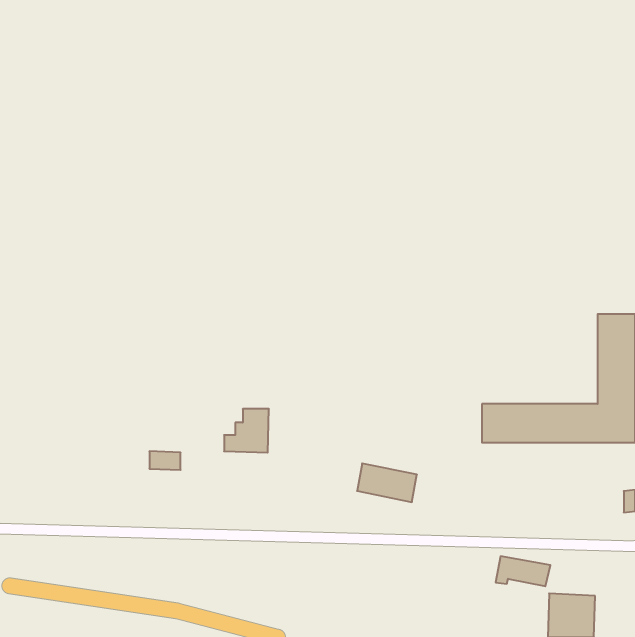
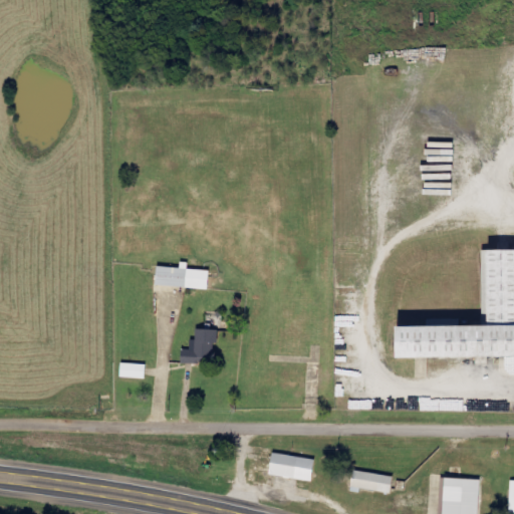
building: none -> [156,266,210,290]
building: [357,463,417,502] -> [268,452,316,483]
building: [496,556,550,586] -> [350,470,395,494]

